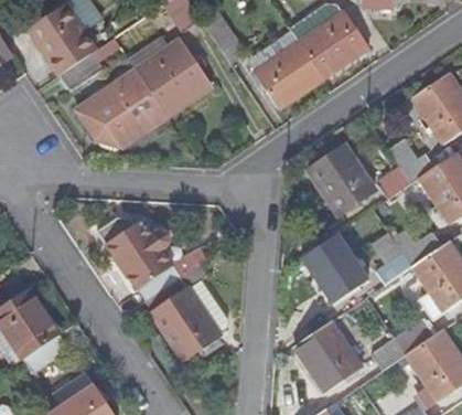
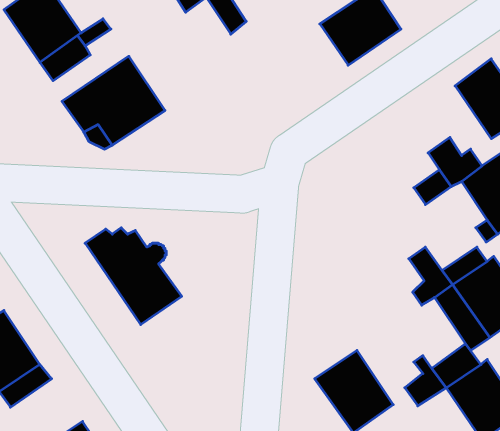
building: [136,40,211,117] -> none
building: [256,43,323,107] -> none
building: [309,146,376,214] -> none
building: [302,235,368,304] -> none
building: [146,267,219,357] -> none

